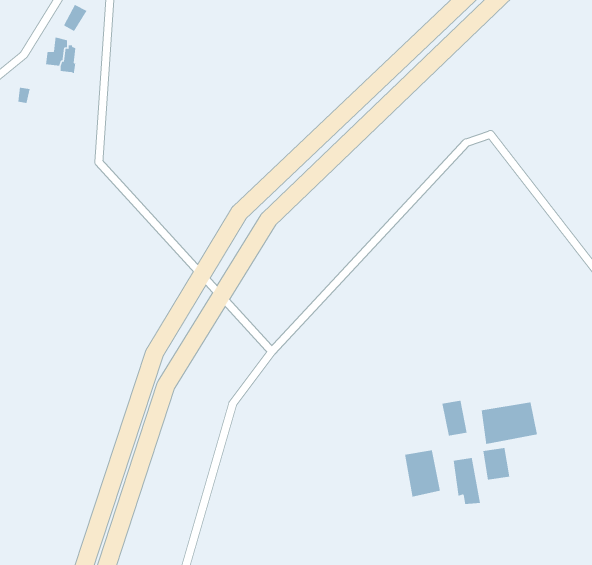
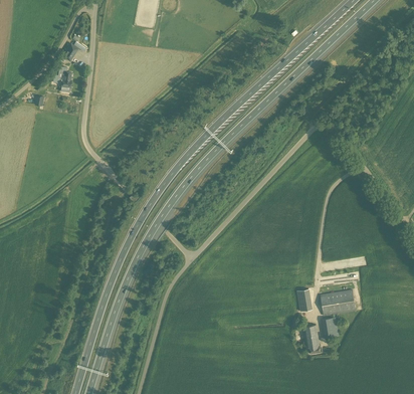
building: [405,450,441,498] -> none

